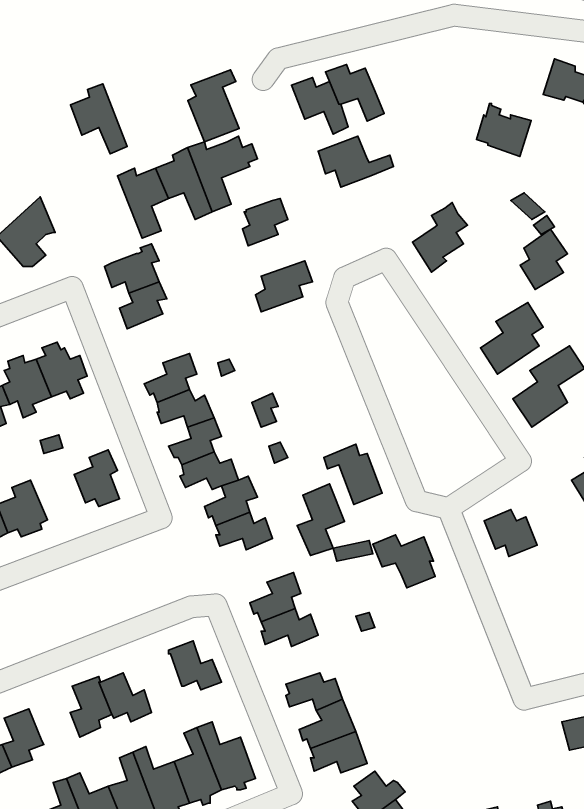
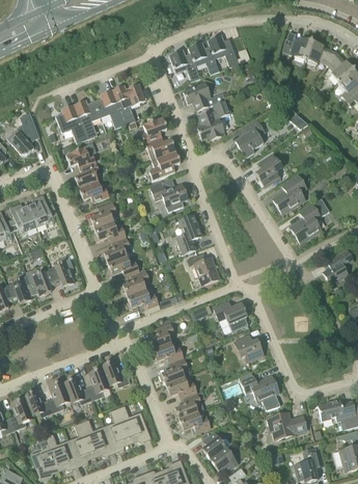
building: none -> [206,35,238,66]
building: [188,70,239,142] -> none
building: [71,84,127,154] -> [55,104,86,142]
building: [476,104,531,157] -> [282,30,312,59]
building: none -> [196,99,229,139]
building: [520,229,567,290] -> [255,153,281,186]
building: none -> [144,136,175,159]
building: none -> [78,180,109,201]
building: none -> [149,180,187,211]
building: none -> [25,267,55,295]
building: [297,484,344,556] -> [175,214,201,253]
building: [484,509,537,557] -> [233,334,263,360]
building: none -> [159,356,187,383]
building: none -> [87,367,109,399]
building: none -> [238,371,279,409]
building: none -> [23,389,52,416]
building: none -> [267,411,306,438]

